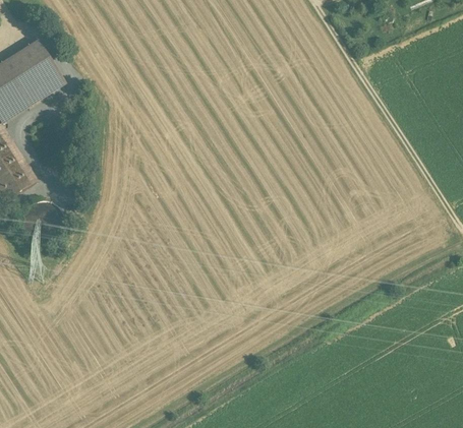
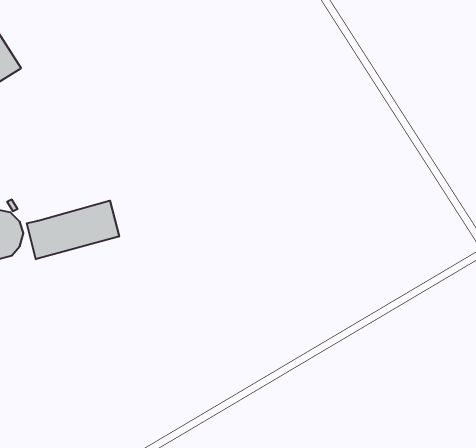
building: none -> [27,201,119,259]

